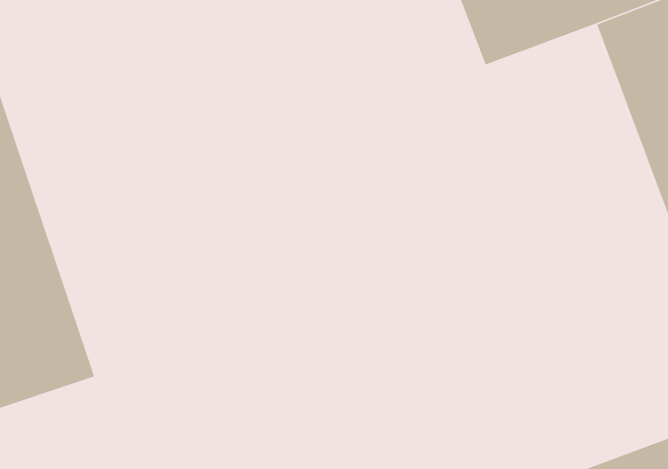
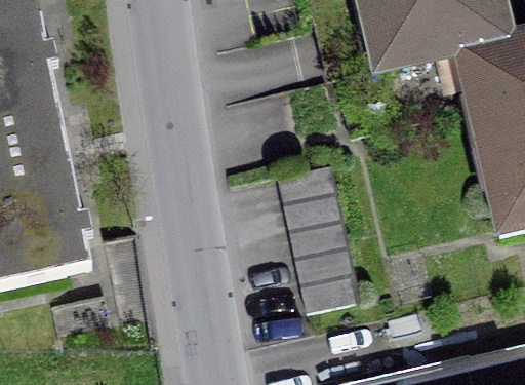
building: none -> [282,175,359,310]

